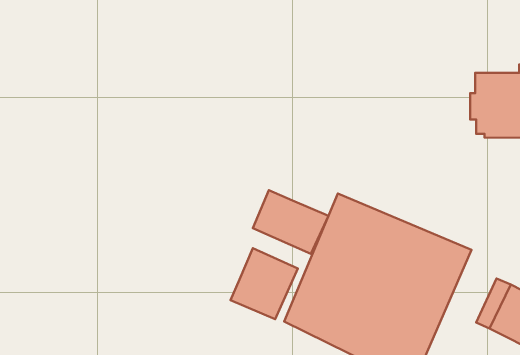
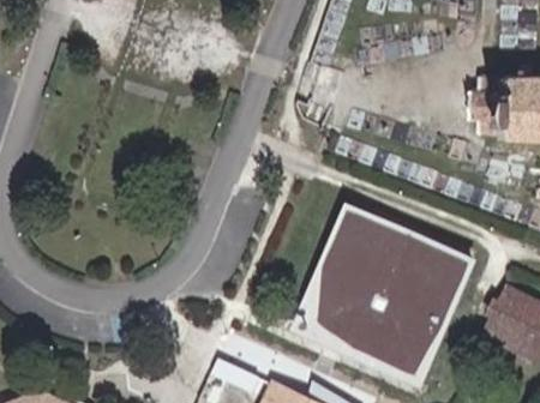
building: [253,190,328,254] -> none
building: [230,248,298,319] -> none

